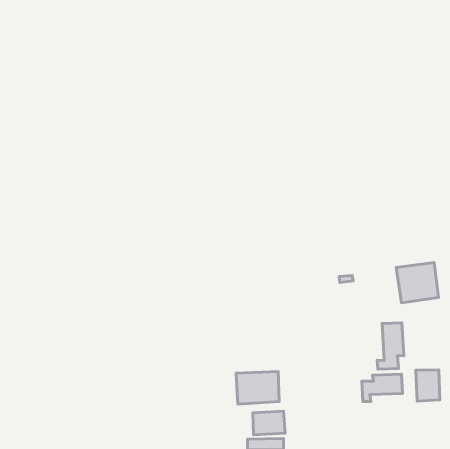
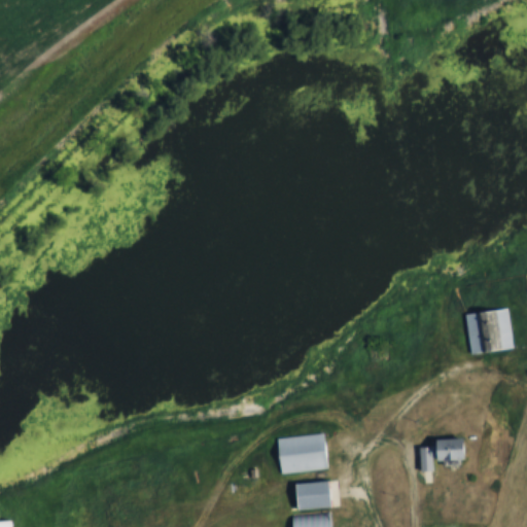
building: [377,323,404,369] -> none
building: [416,370,440,401] -> none

